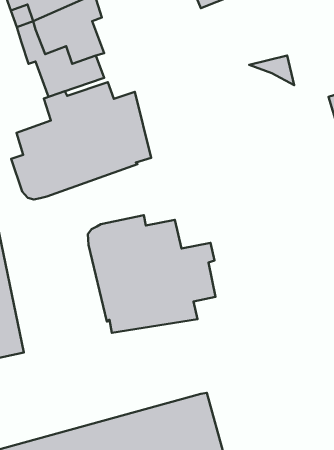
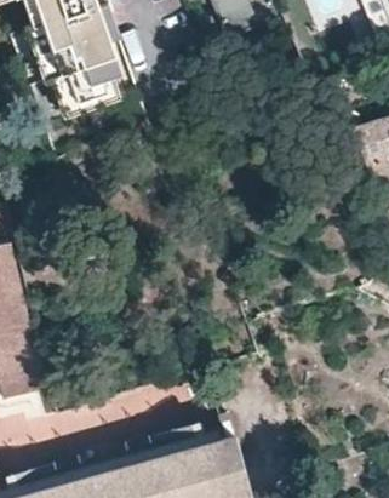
building: [11,82,151,200] -> none
building: [88,215,216,333] -> none

